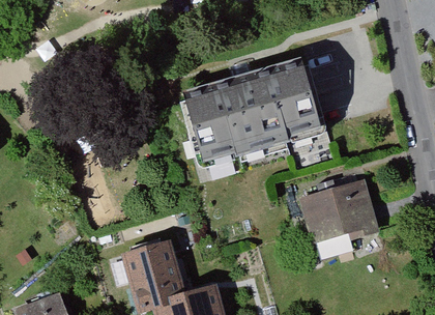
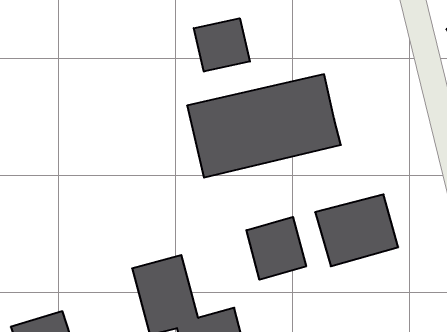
building: none -> [194,18,250,72]
building: none -> [246,217,306,280]

